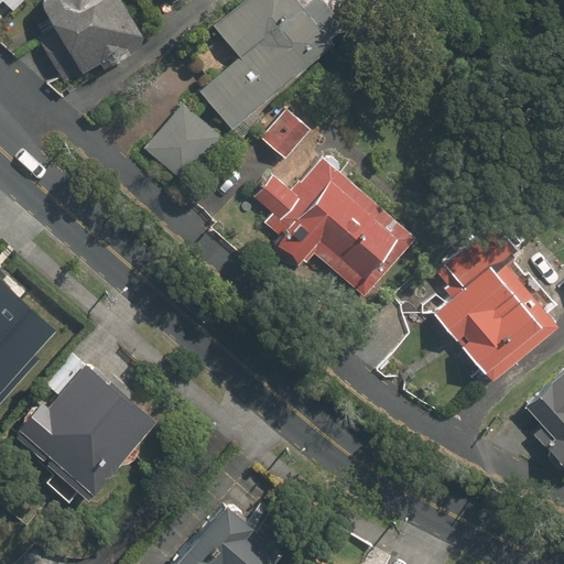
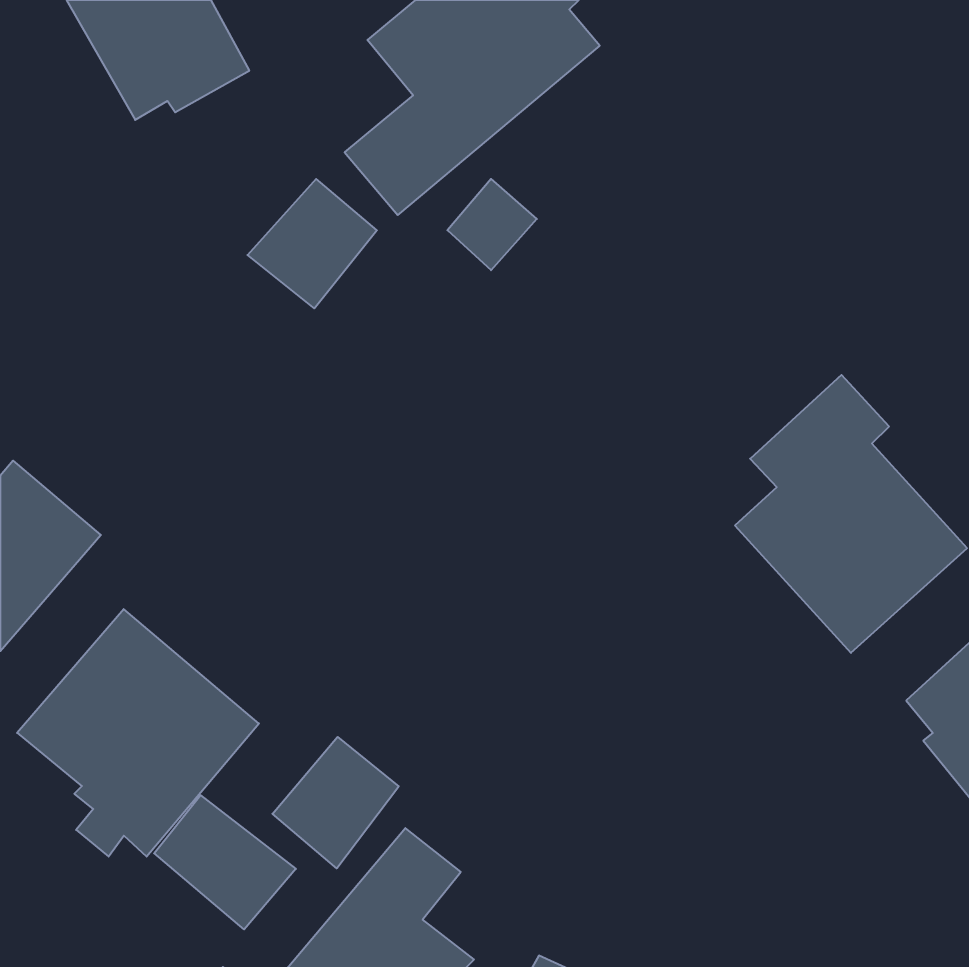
building: [228,158,390,302] -> none
building: none -> [272,737,399,868]
building: none -> [154,795,296,929]

